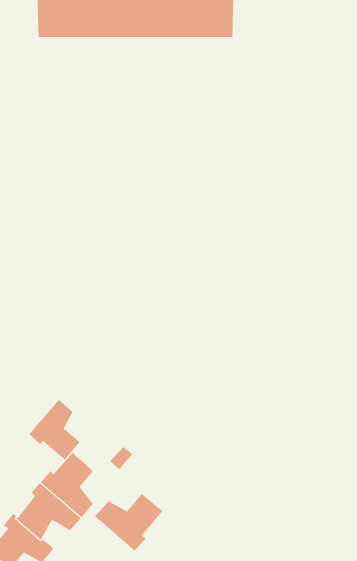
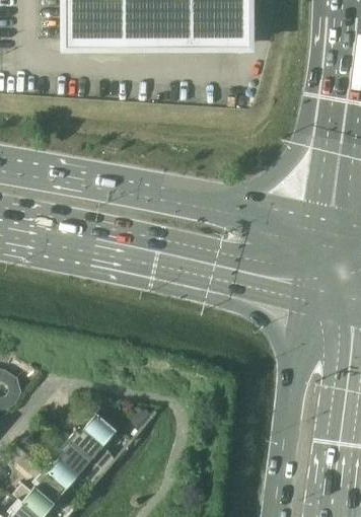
building: [28,399,80,460] -> none
building: [94,493,163,551] -> none

